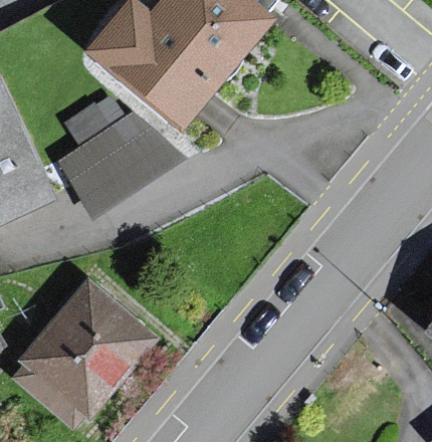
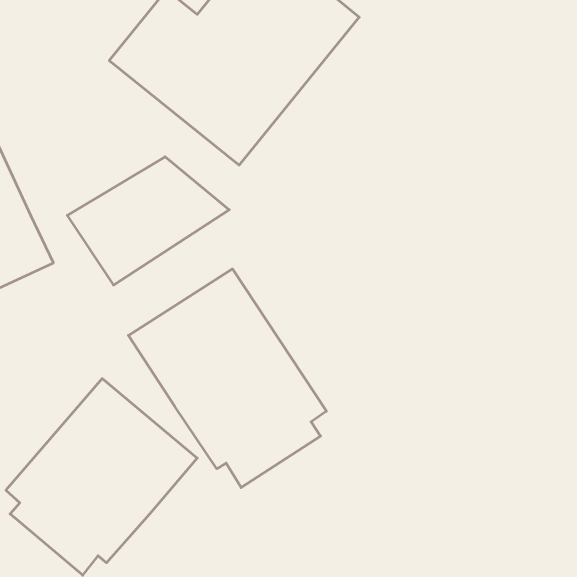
building: none -> [128,269,326,488]

